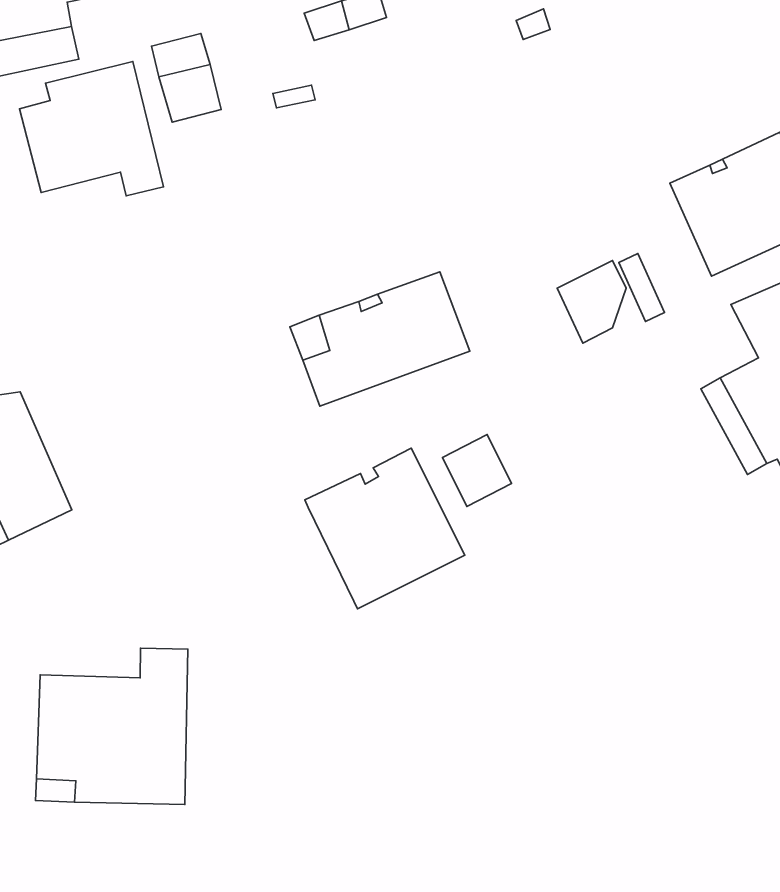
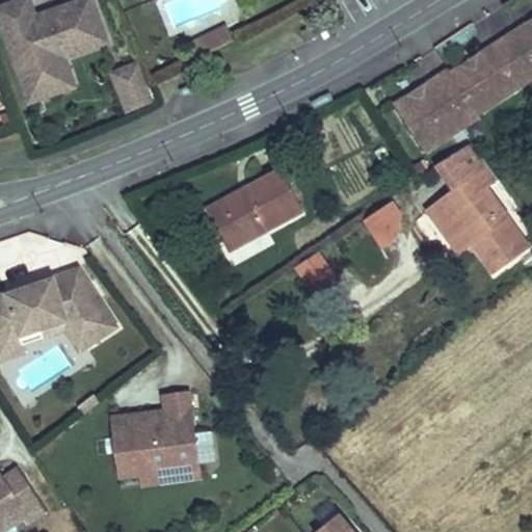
building: [19,61,164,196] -> none
building: [557,261,626,343] -> [366,201,402,246]
building: [305,448,465,609] -> none

